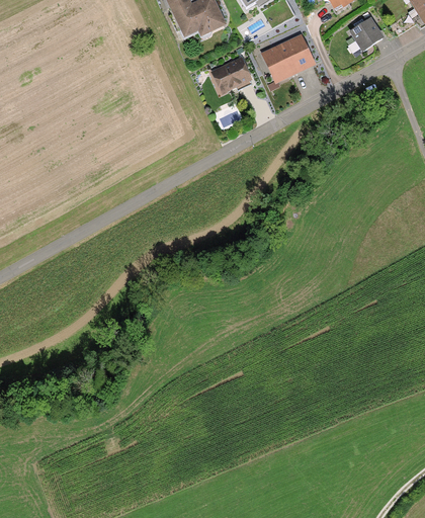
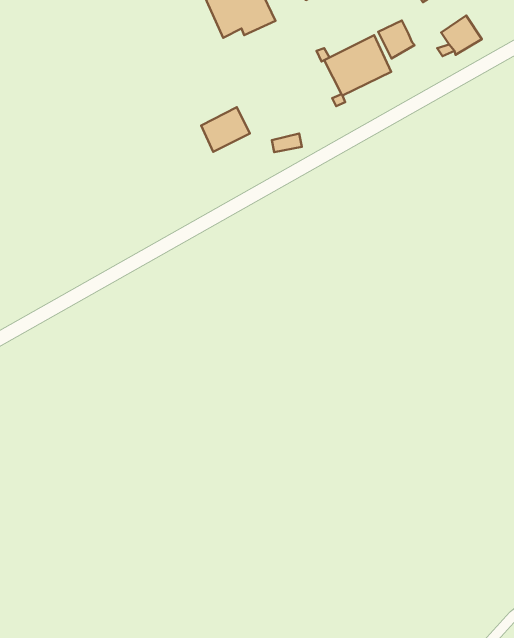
building: none -> [378,20,415,59]
building: [211,58,249,92] -> [201,107,250,152]

